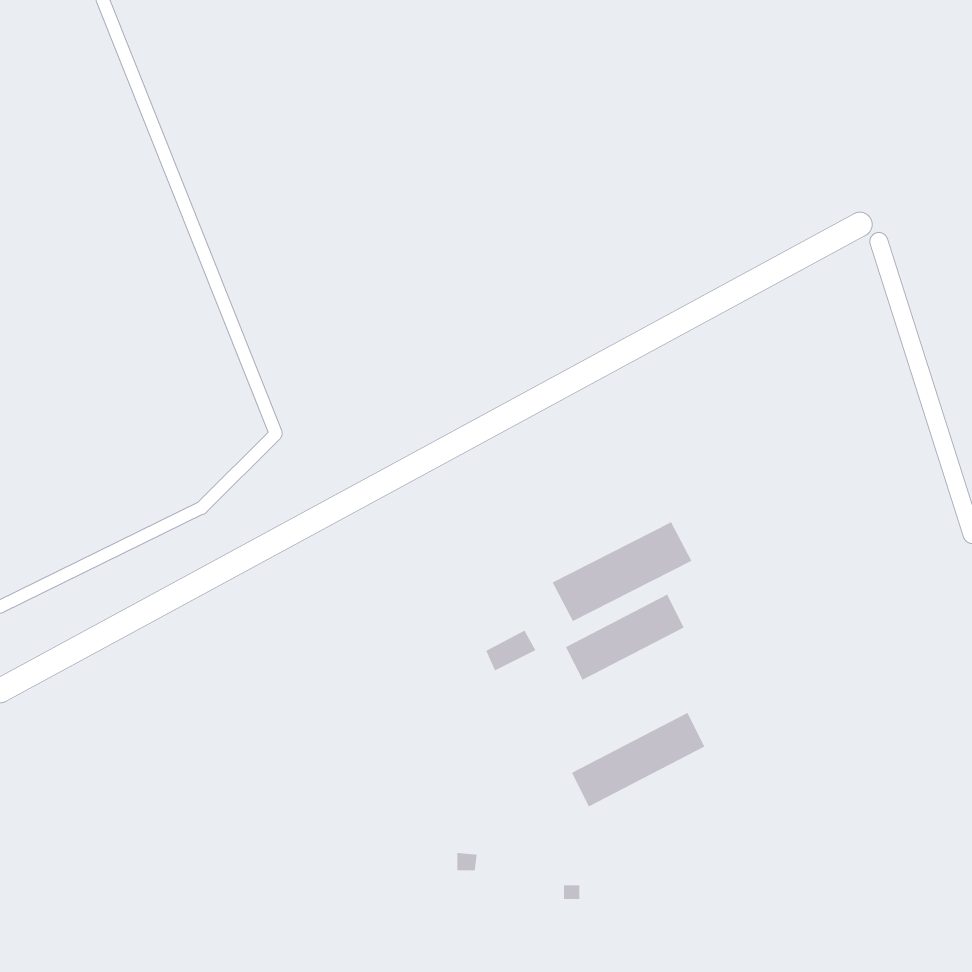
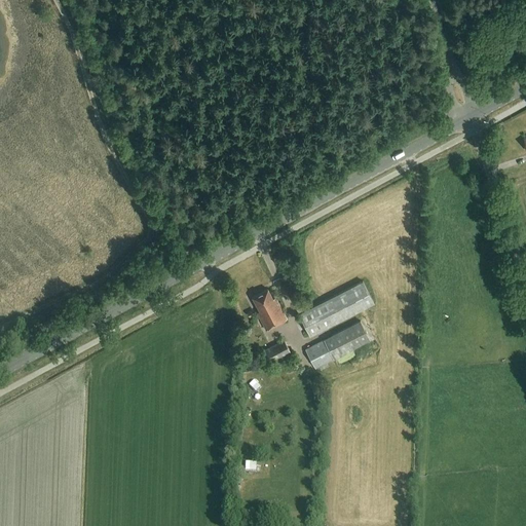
building: none -> [252,289,287,330]
building: [571,712,706,808] -> none

